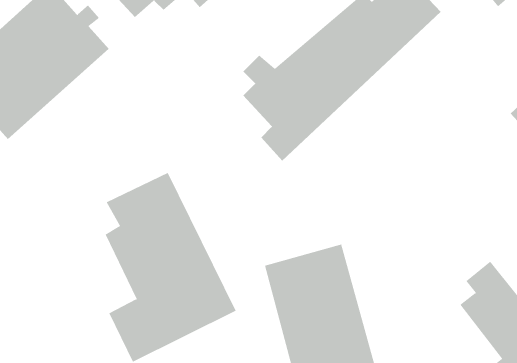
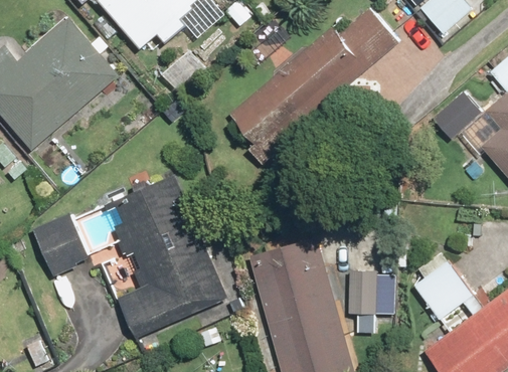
building: none -> [32,212,92,277]
building: none -> [347,268,396,331]

